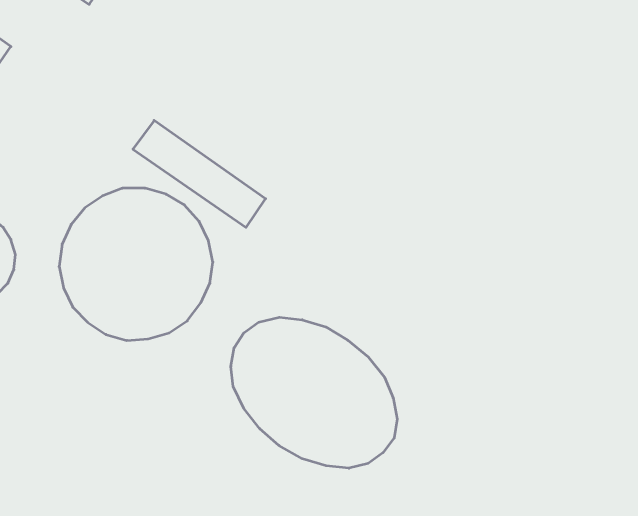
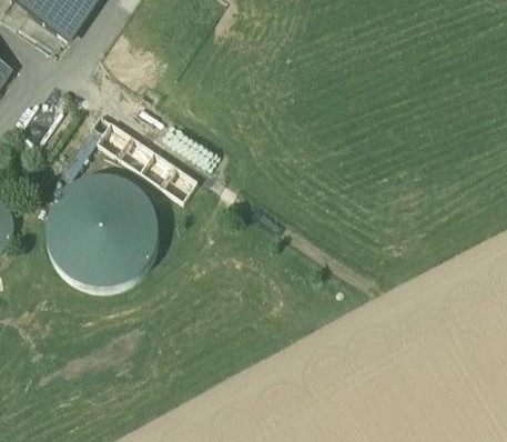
building: [231,317,397,468] -> none

